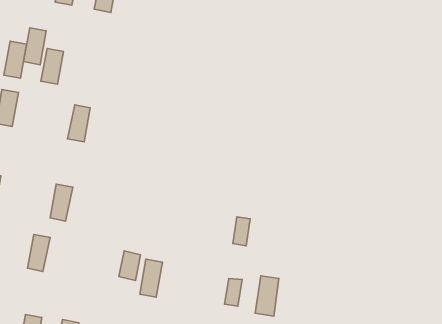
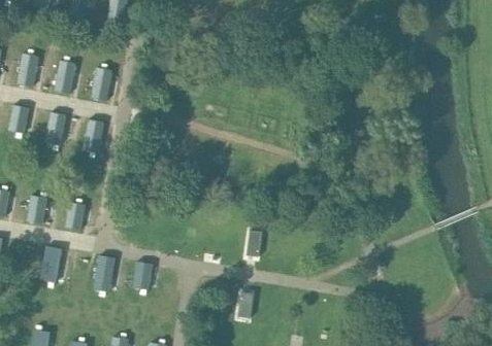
building: [24,28,46,65] -> [90,65,112,102]
building: none -> [42,111,66,147]
building: none -> [25,191,47,227]
building: [140,259,162,297] -> [93,255,116,293]
building: [255,276,279,316] -> none

